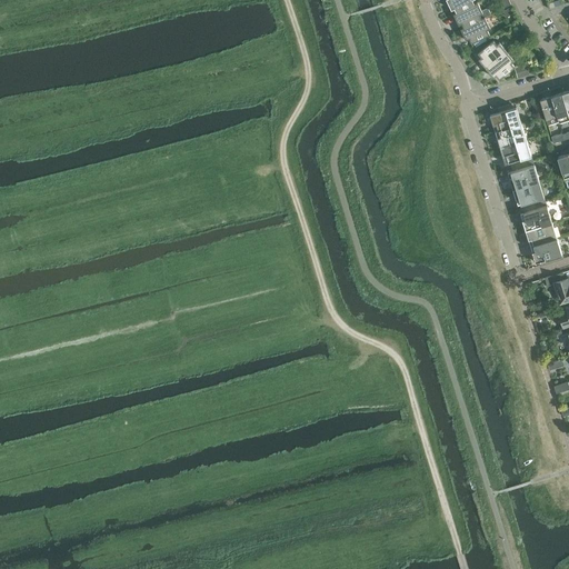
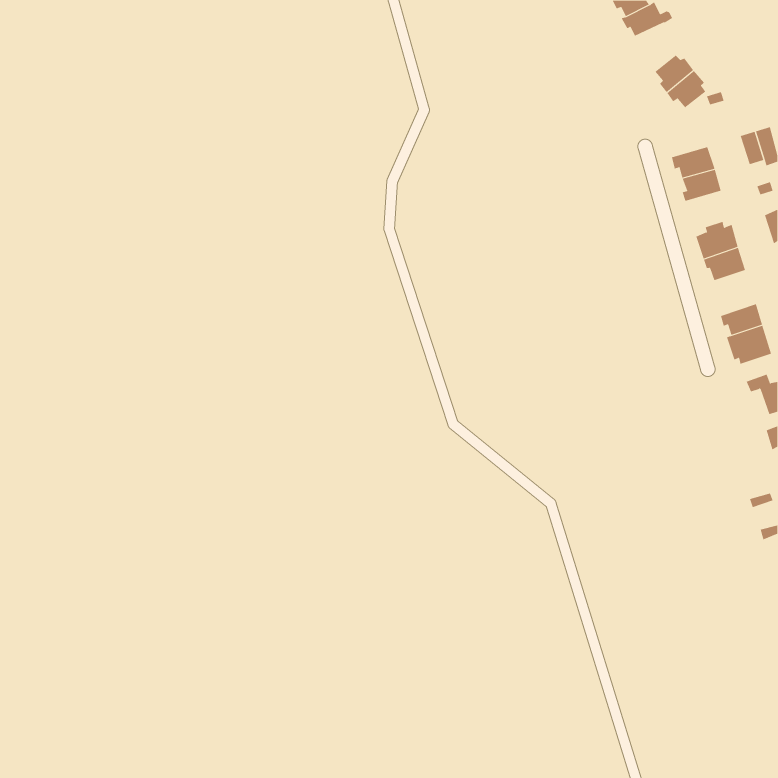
building: [460,18,489,48] -> none
building: [499,140,531,167] -> none
building: [522,207,551,231] -> none

